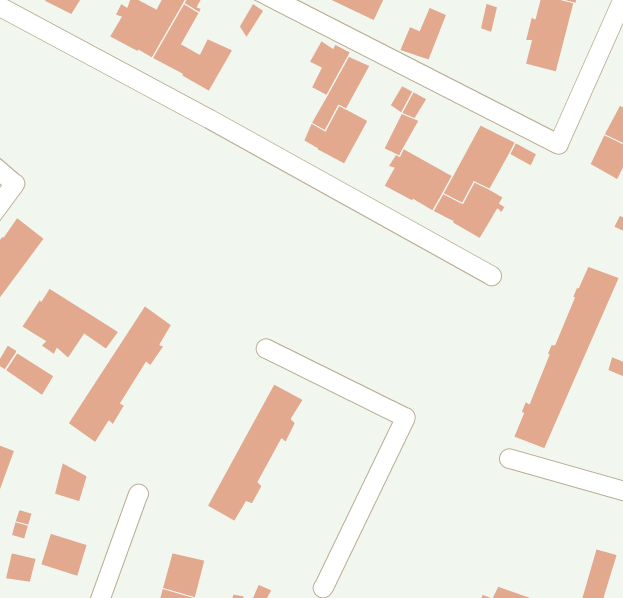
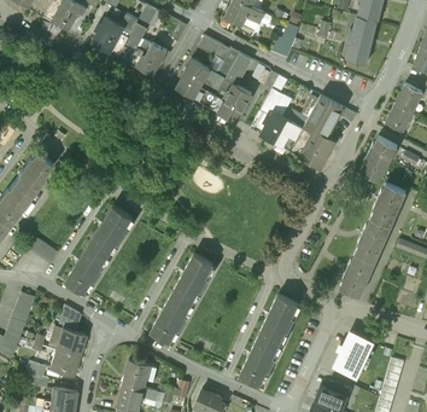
building: none -> [176,60,226,106]
building: none -> [361,137,398,180]
building: [21,288,119,359] -> none
building: none -> [241,296,296,383]
building: none -> [55,327,84,355]
building: none -> [333,330,374,378]

